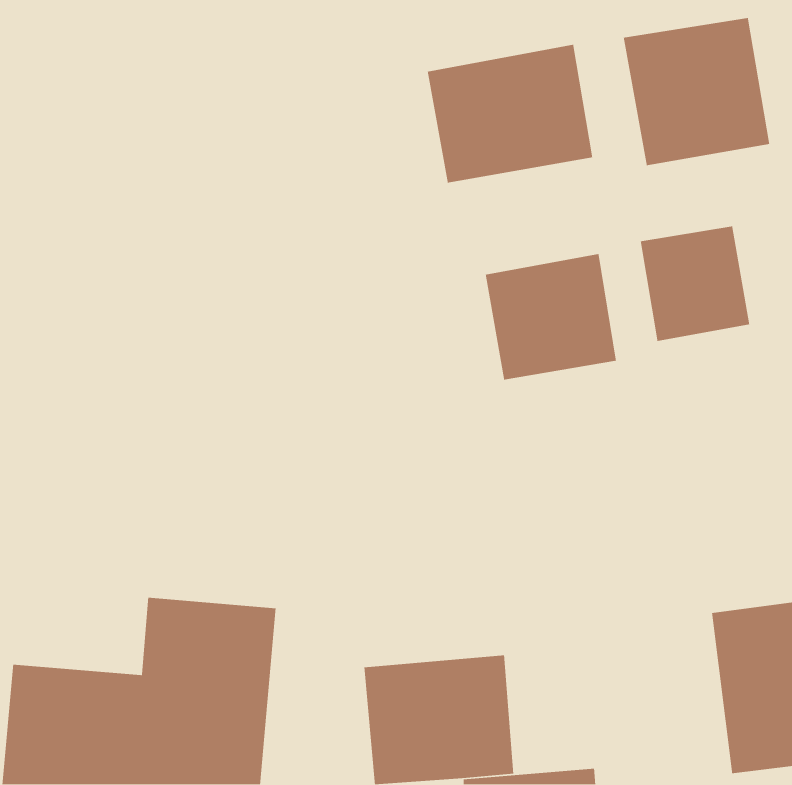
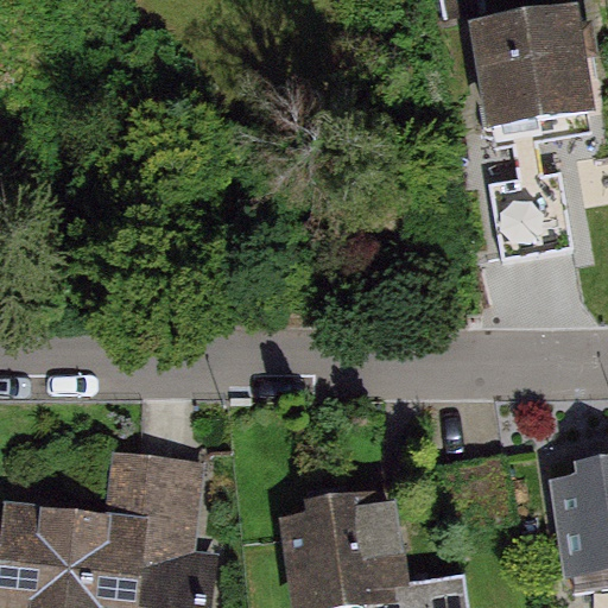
building: [427,44,593,184] -> none
building: [485,253,617,380] -> none

